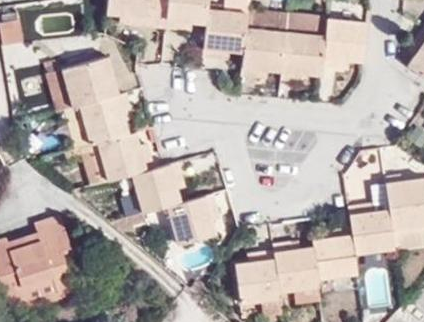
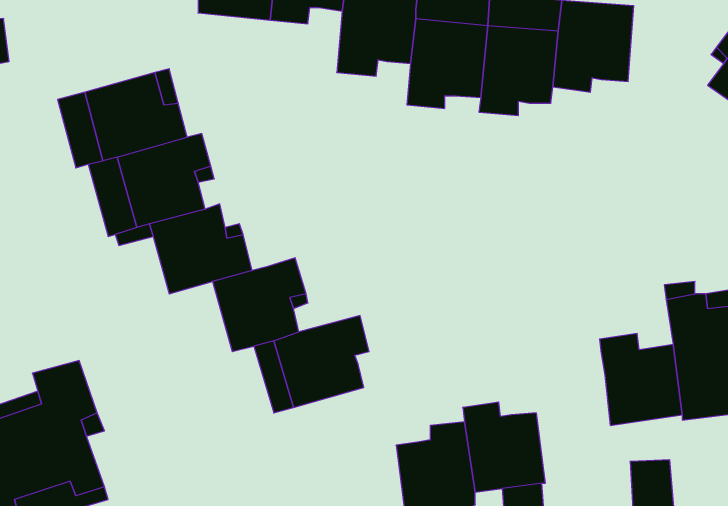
building: [313,225,358,278] -> none

